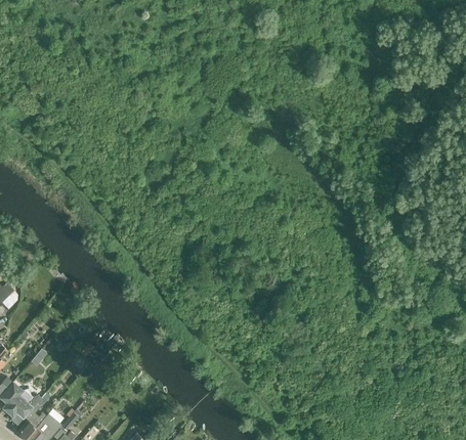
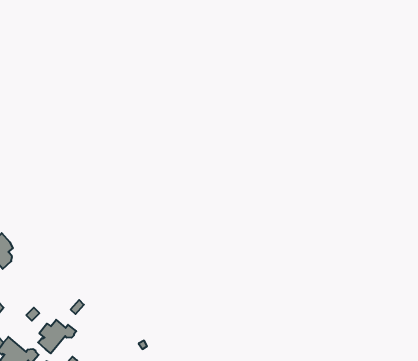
building: none -> [38,320,76,353]

